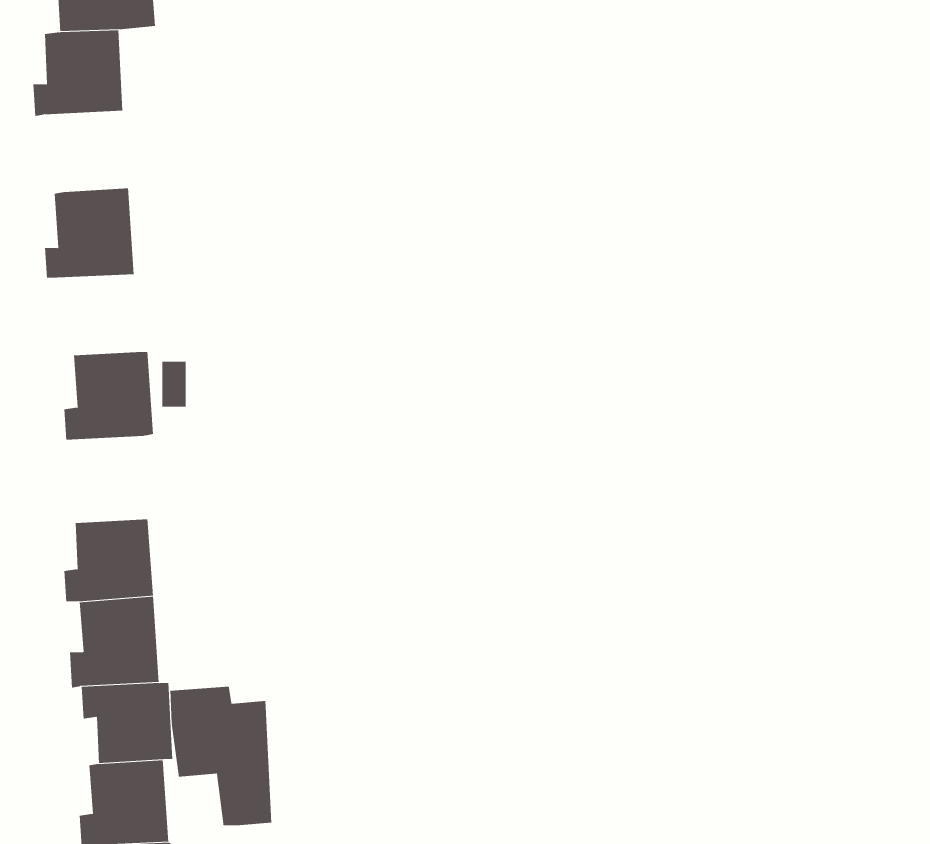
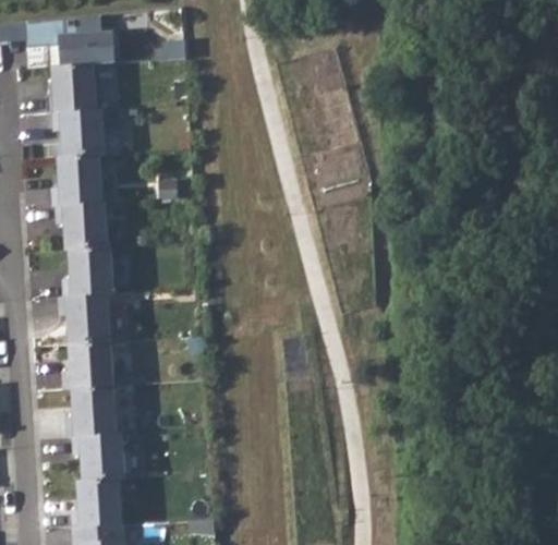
building: none -> [51,112,105,158]
building: none -> [54,204,107,251]
building: none -> [58,296,110,346]
building: [170,686,272,826] -> none

